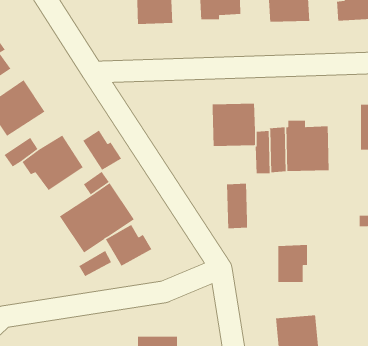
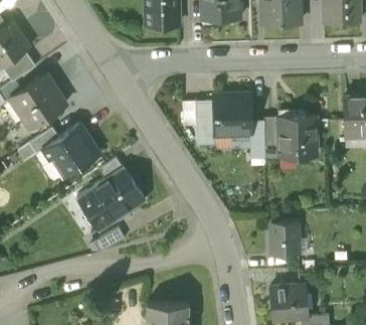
building: [82,130,122,171] -> none
building: [226,183,248,229] -> [195,102,214,143]
building: [105,224,153,267] -> none

